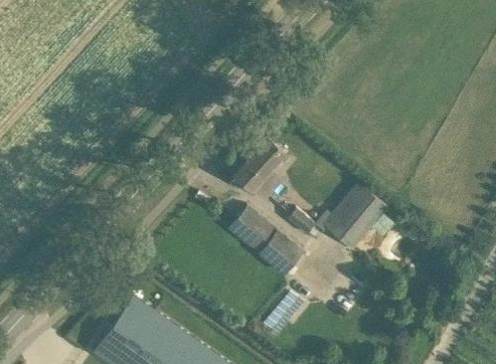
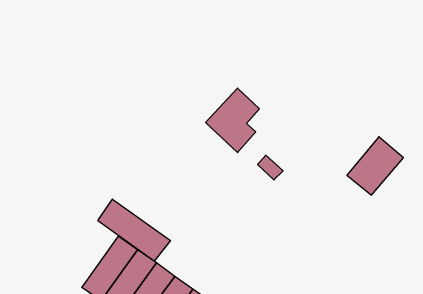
building: [325,185,387,249] -> [347,137,403,195]
building: [227,205,303,275] -> none
building: none -> [98,199,170,261]

